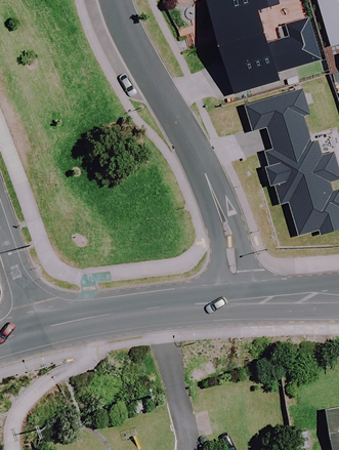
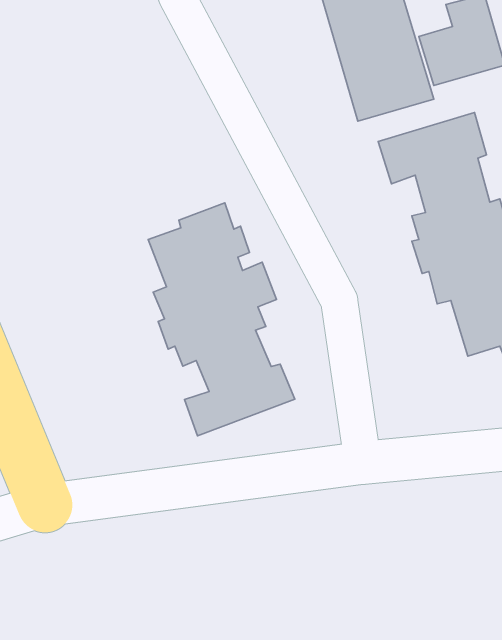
building: none -> [148,203,295,436]

